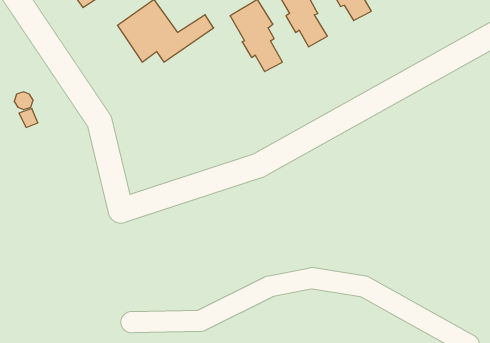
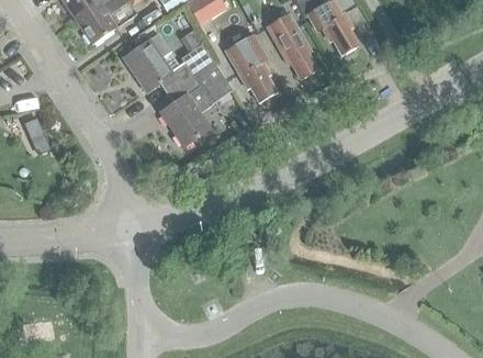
building: none -> [160,60,232,146]

